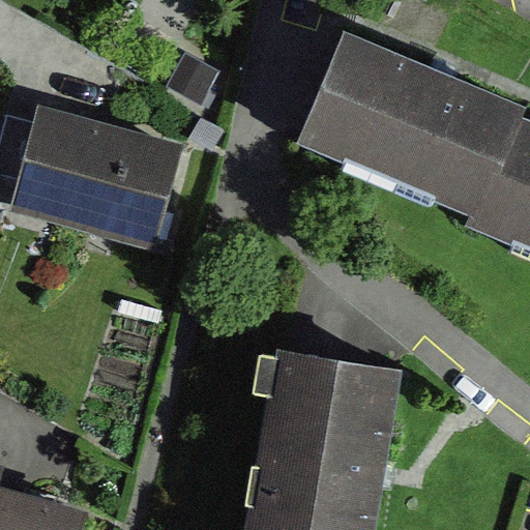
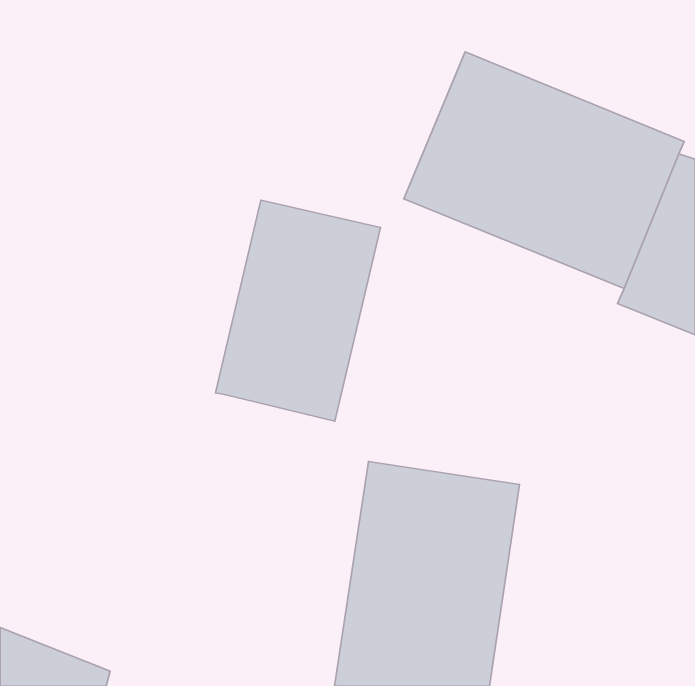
building: [11,111,185,242] -> none
building: none -> [216,200,381,421]

